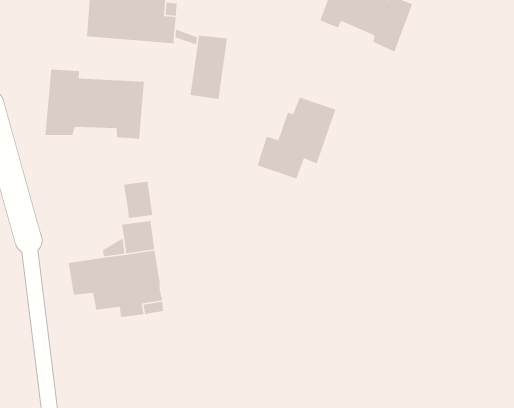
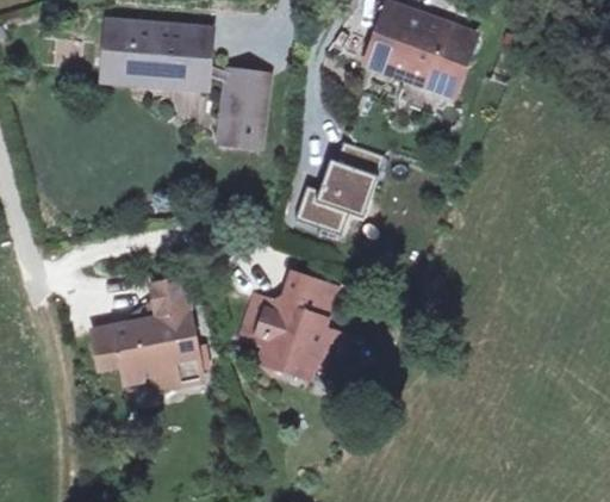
building: [44,69,145,140] -> none
building: [123,181,153,219] -> none
building: none -> [244,274,350,373]

